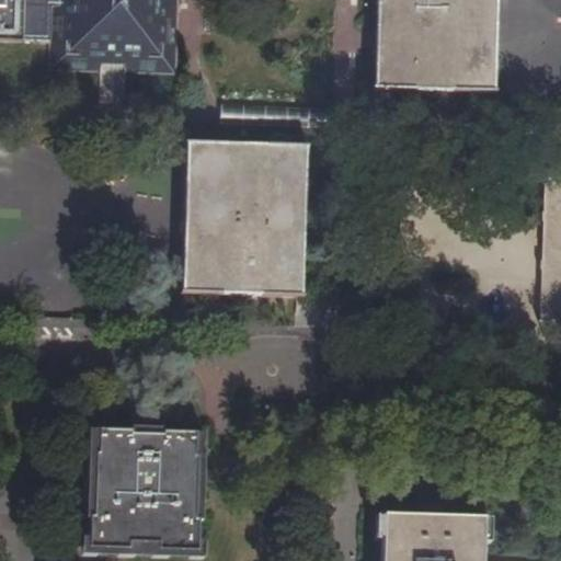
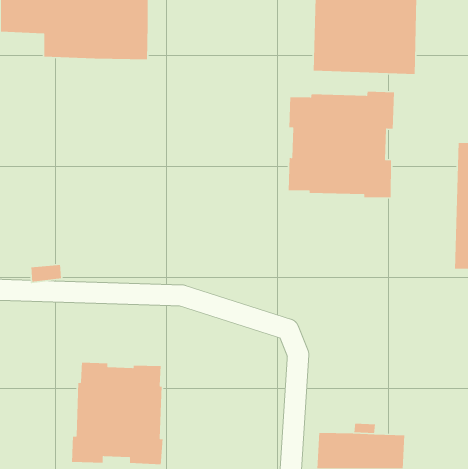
building: none -> [288,91,395,198]
building: [184,139,309,295] -> none

